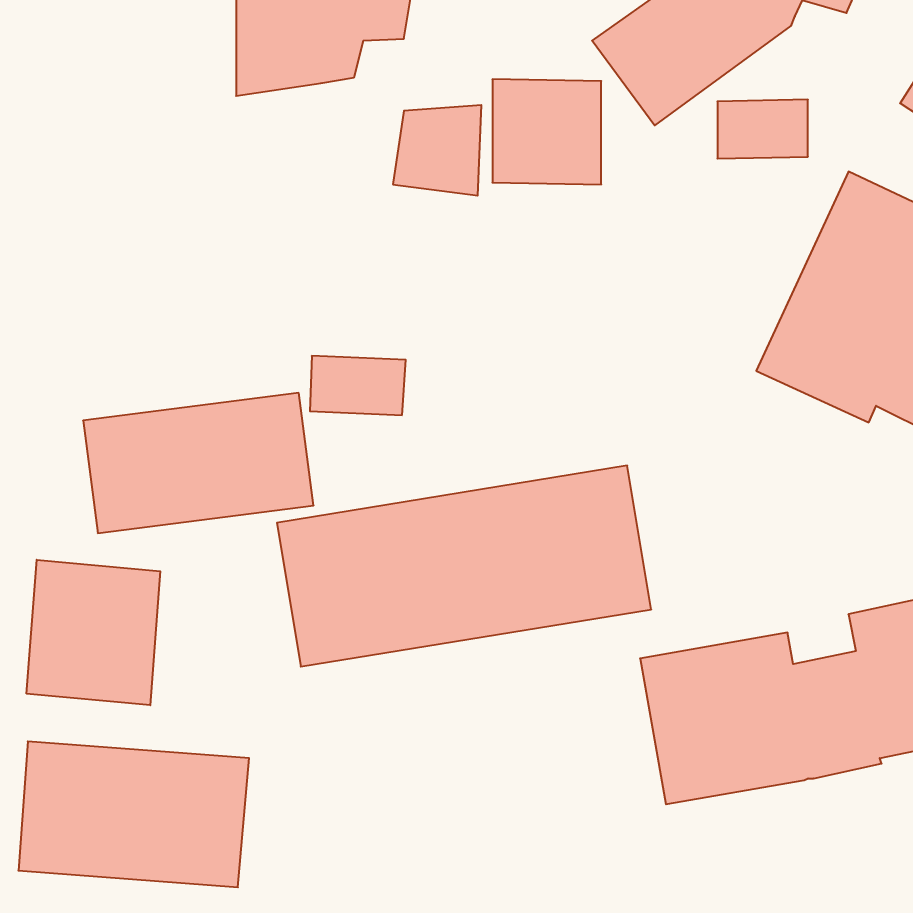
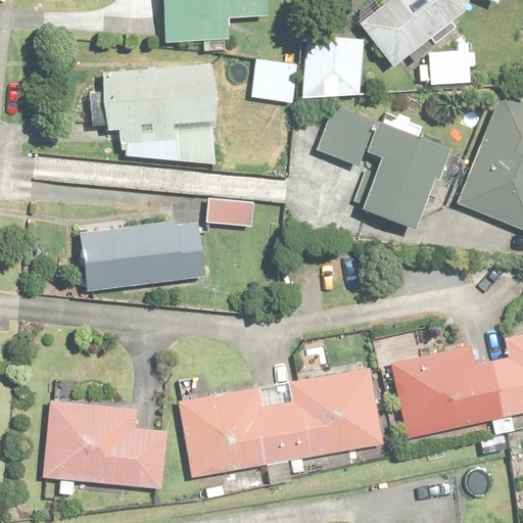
building: none -> [89,69,202,173]
building: none -> [295,111,430,228]
building: [277,466,651,667] -> [160,371,368,482]
building: [27,560,160,705] -> none

